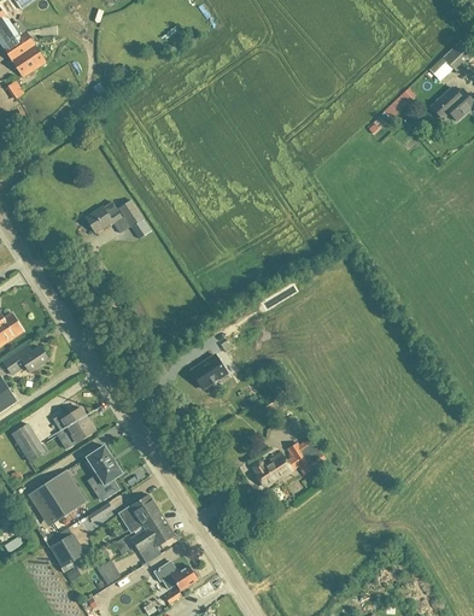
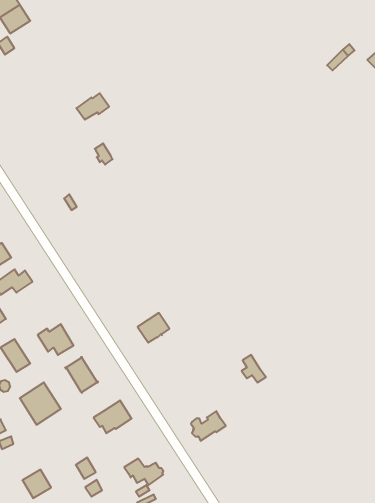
building: [84,201,122,231] -> [76,93,109,120]
building: [189,354,226,388] -> [138,313,169,343]
building: [252,452,292,486] -> [191,411,226,441]
building: [130,515,174,552] -> none
building: [51,534,83,567] -> [22,470,51,498]

